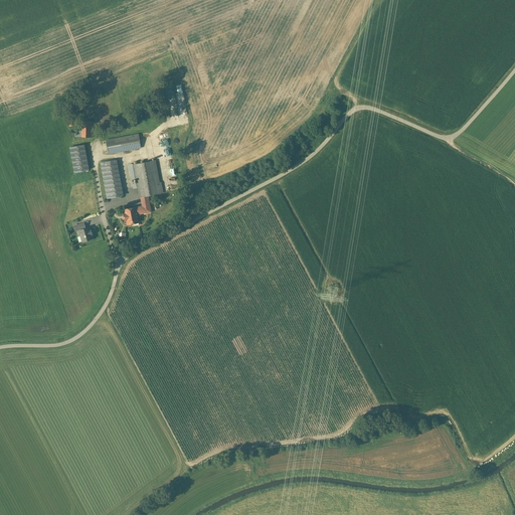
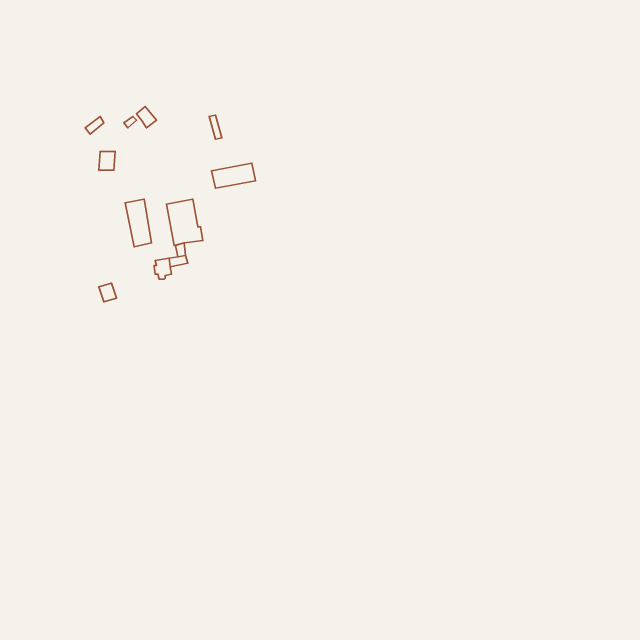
building: [106,134,141,154] -> [212,163,255,188]
building: [69,145,89,172] -> none

